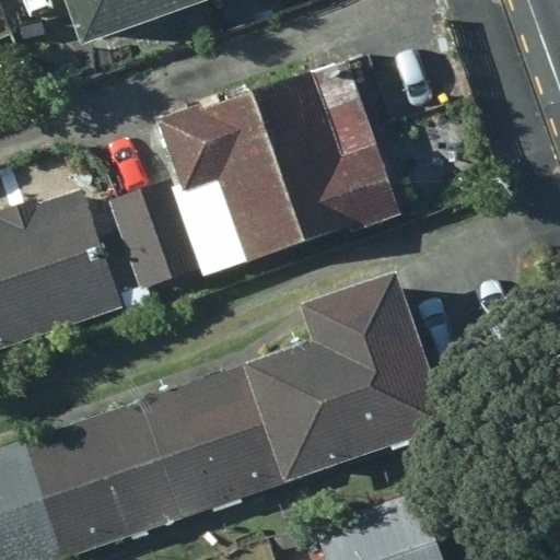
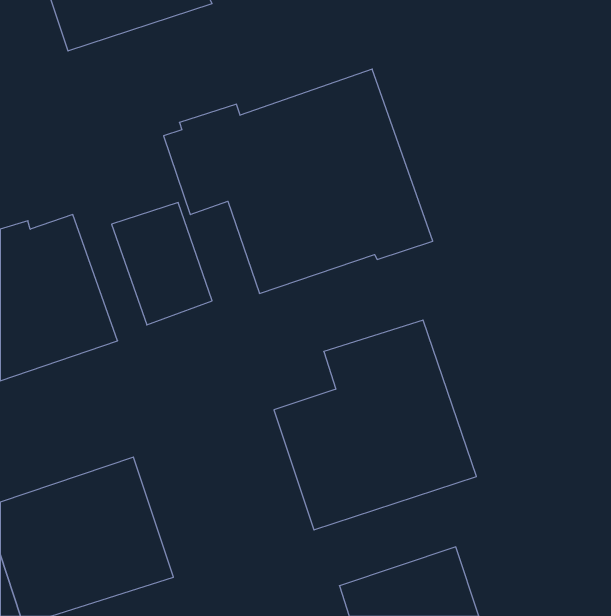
building: [128,370,291,521] -> none

